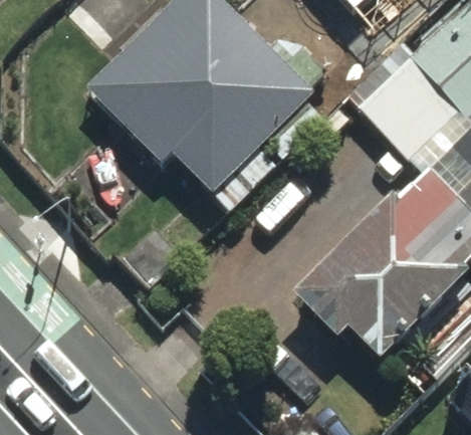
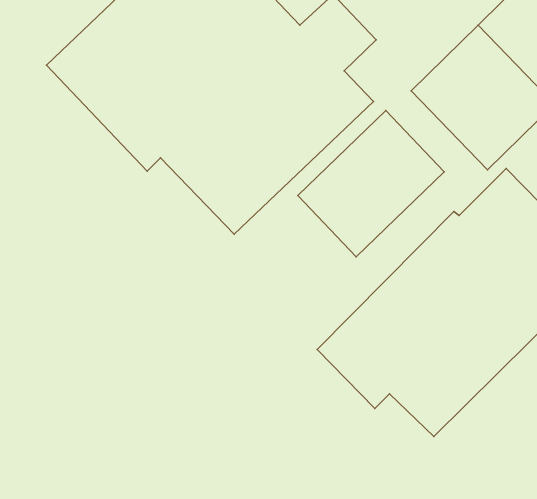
building: none -> [298,111,444,257]

